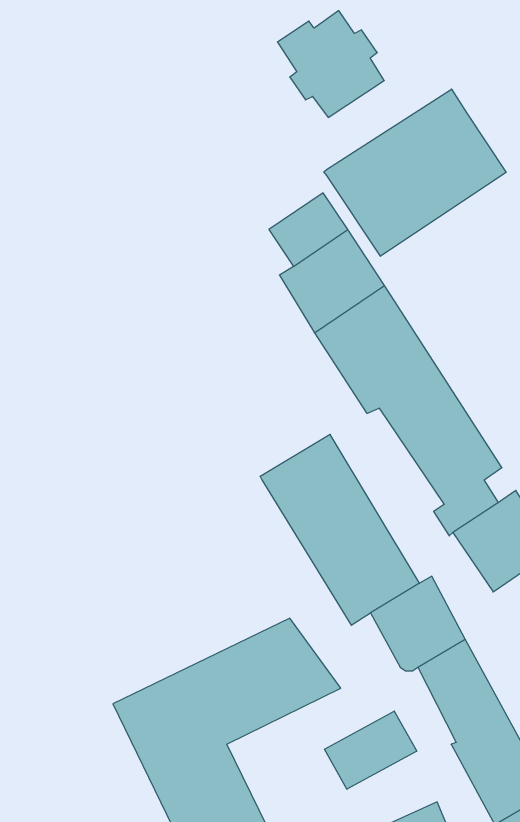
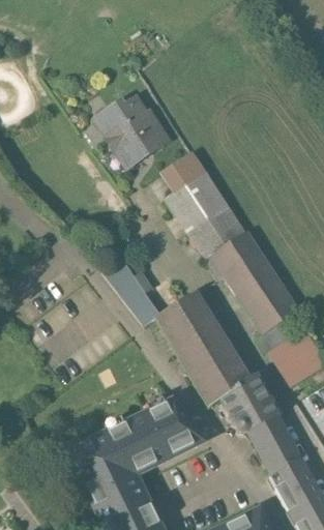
building: [277,11,384,117] -> [102,98,166,161]
building: [324,89,506,256] -> none
building: none -> [101,256,158,326]
building: [325,711,417,789] -> none

